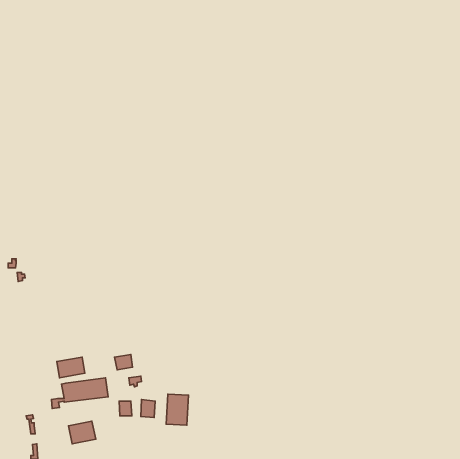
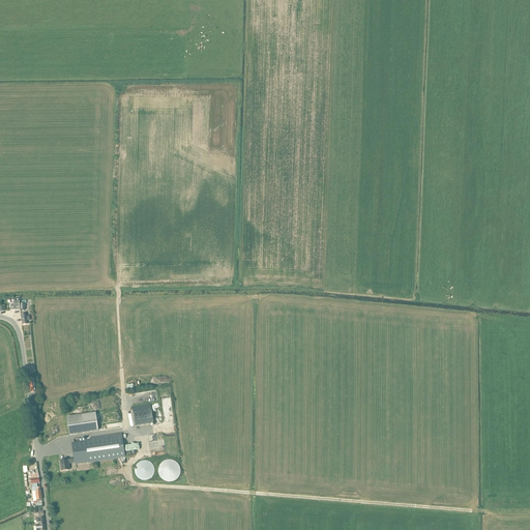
building: [166,394,189,425] -> none
building: [68,421,96,444] -> none

